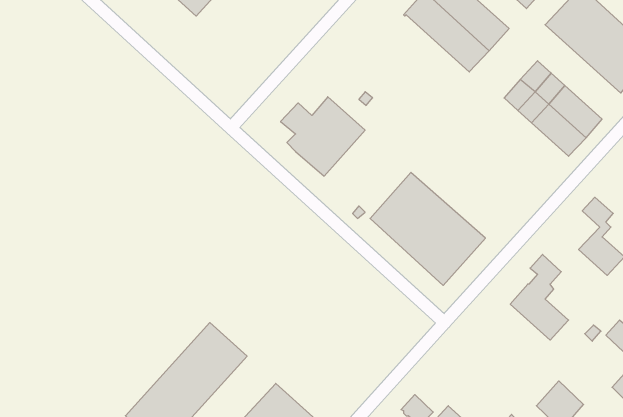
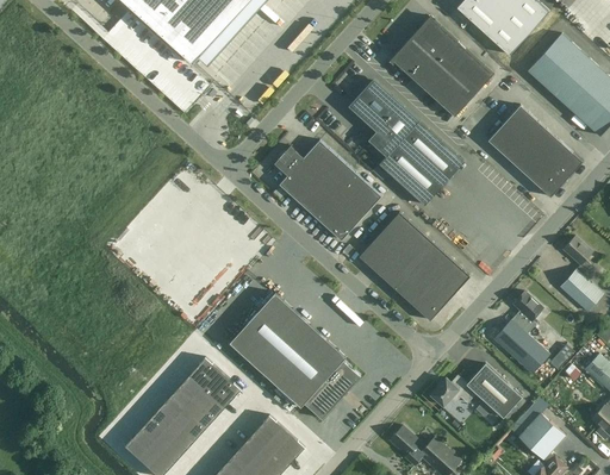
building: none -> [349,80,465,206]
building: none -> [316,173,381,240]
building: none -> [230,293,361,420]
building: none -> [431,364,523,419]

